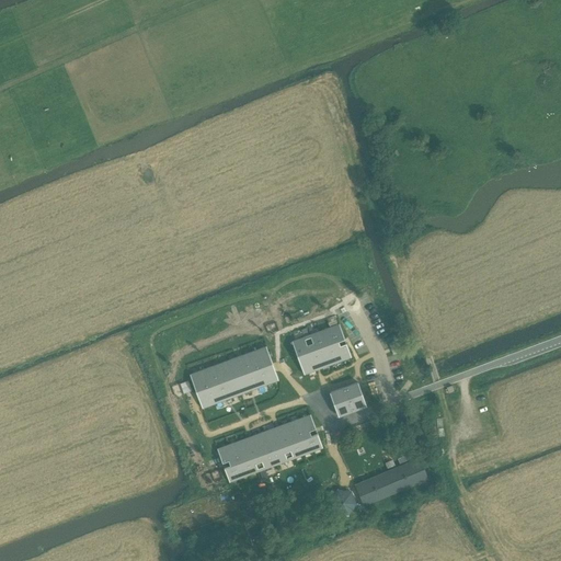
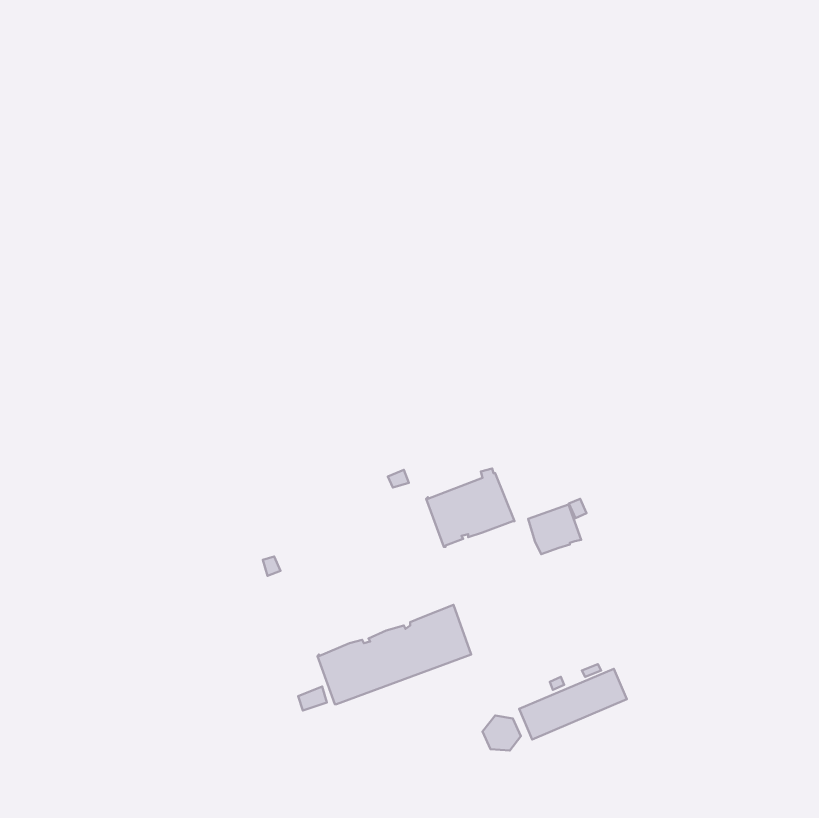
building: [190,345,278,408] -> none
building: [330,381,366,415] -> [528,504,581,554]

